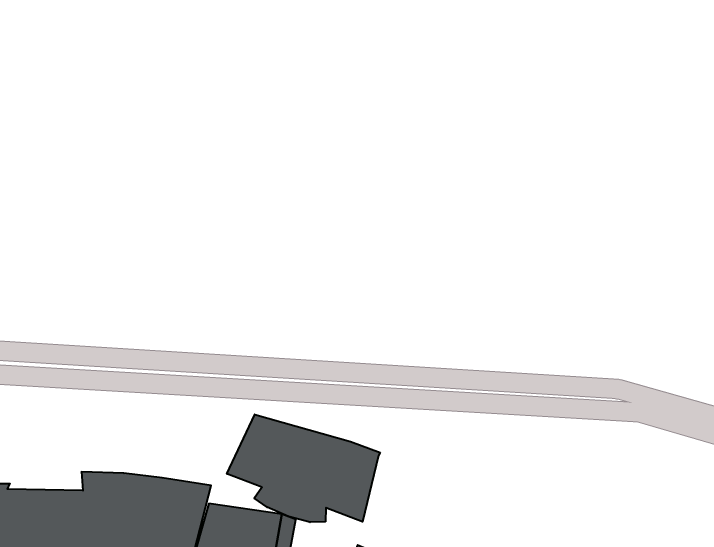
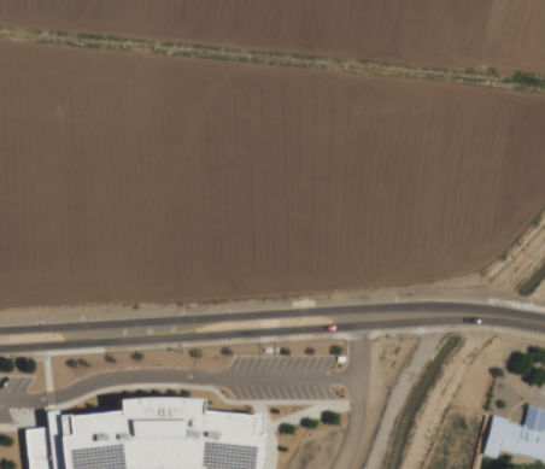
building: [227,414,380,522] -> none

